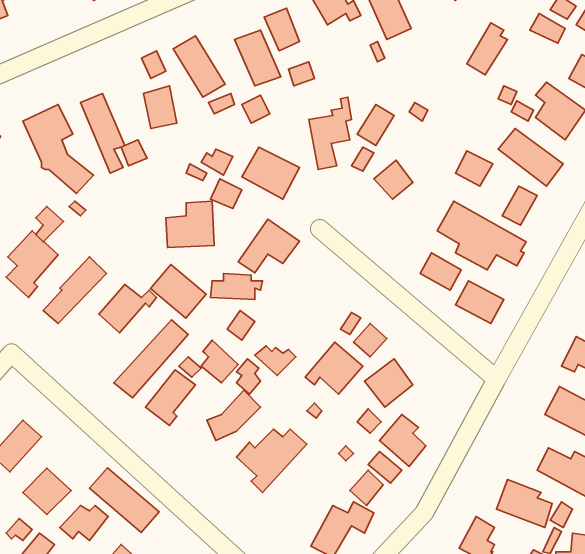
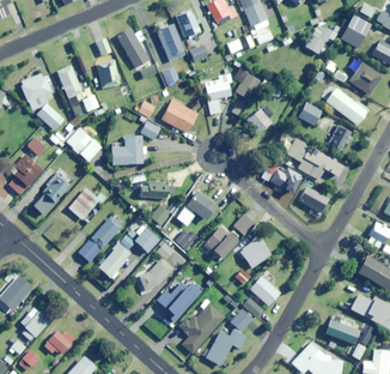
building: [238,219,299,273] -> [176,191,215,225]
building: [150,264,206,318] -> [66,127,102,162]
building: none -> [178,302,225,354]
building: [89,468,159,533] -> none

